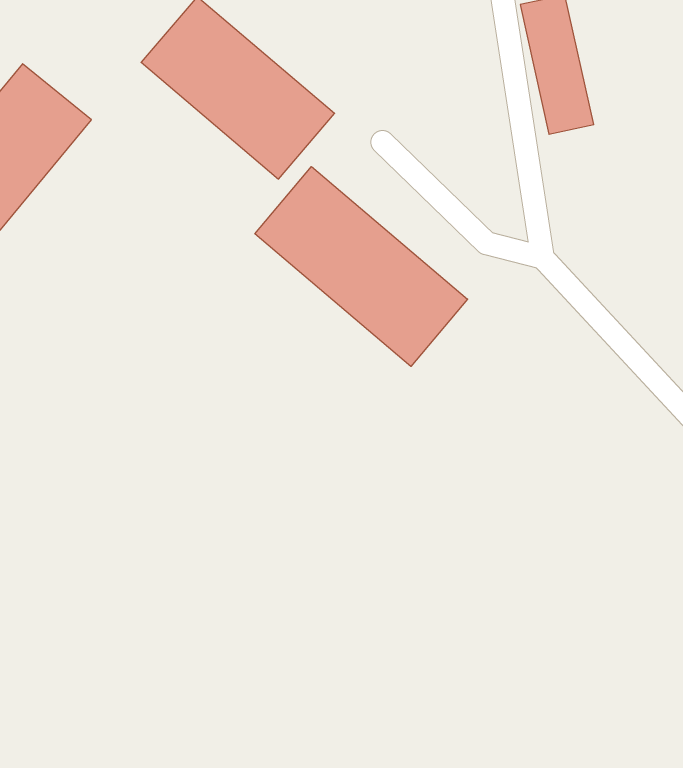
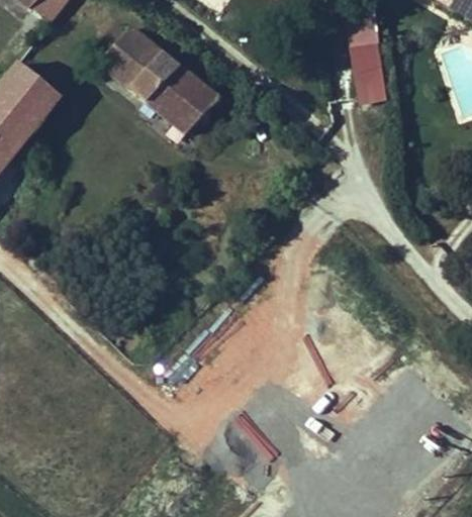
building: [255,167,468,366] -> none

